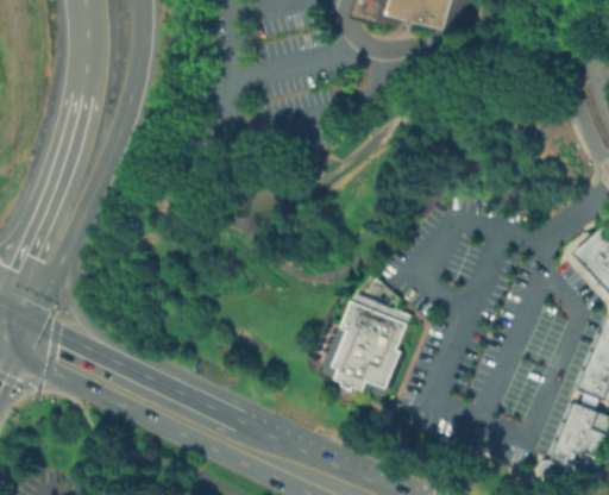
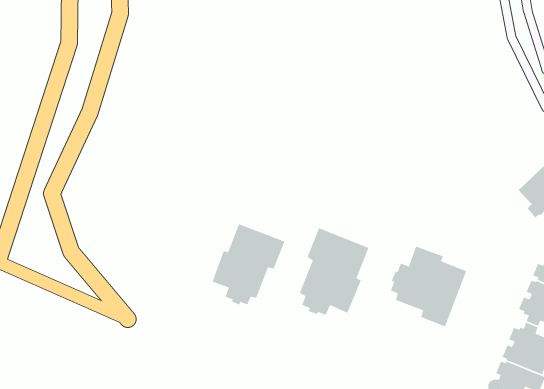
building: none -> [212,223,285,306]
building: none -> [390,246,467,327]

